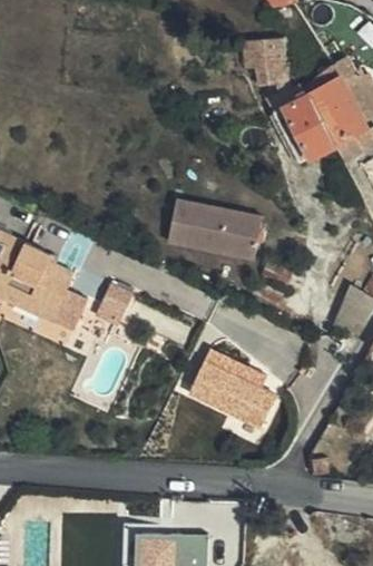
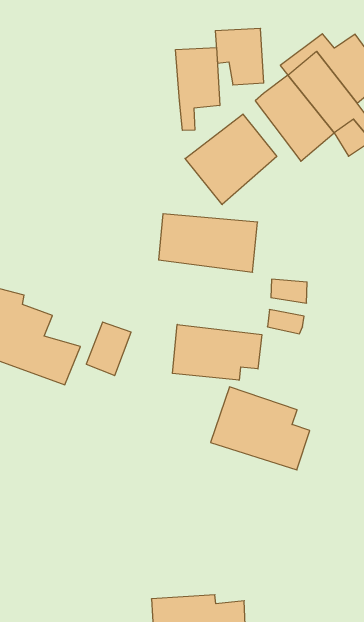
building: none -> [176,48,220,130]
building: none -> [185,114,277,205]
building: none -> [172,324,262,380]

